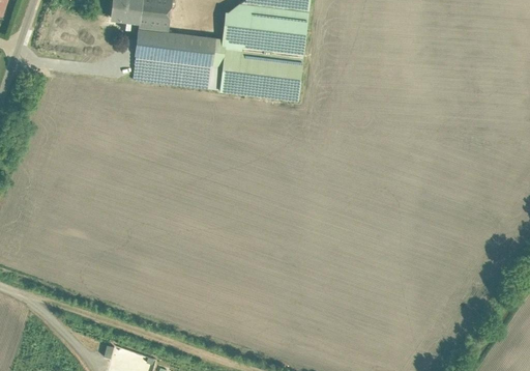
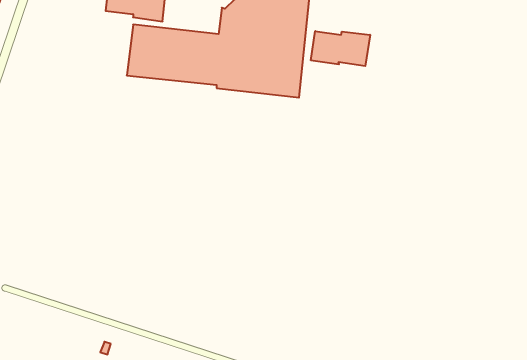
building: none -> [311,31,370,66]

